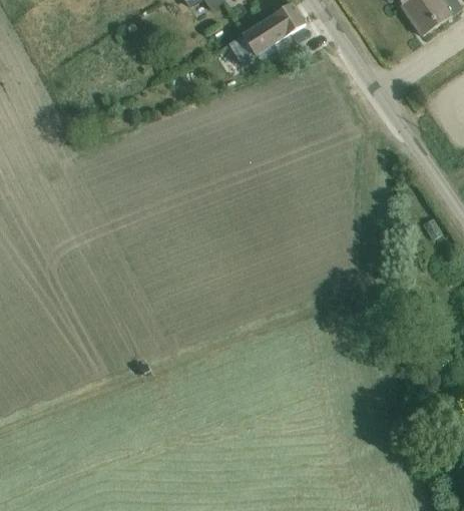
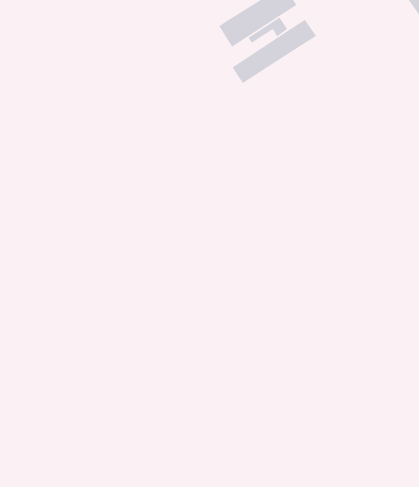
building: none -> [232,19,317,84]

